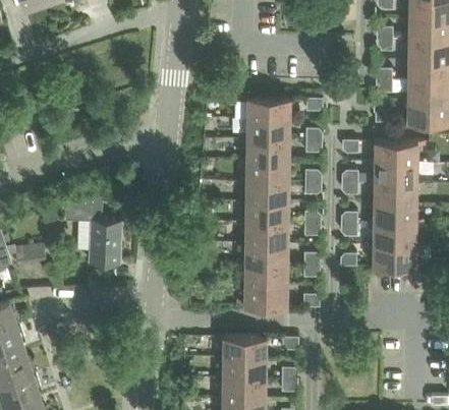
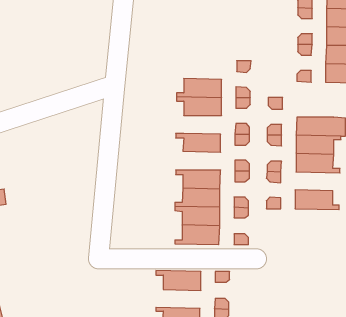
building: [239,96,290,119] -> none
building: [375,140,425,162] -> none
building: [237,160,289,181] -> none
building: [64,194,121,263] -> none
building: [237,200,288,222] -> none
building: [373,224,424,245] -> none
building: [215,357,266,378] -> none

